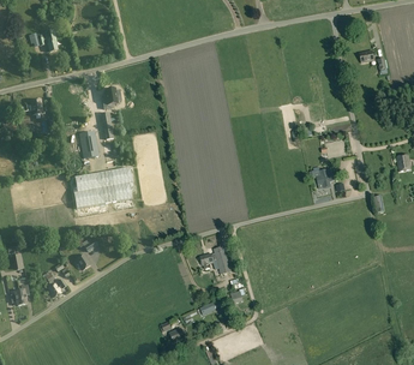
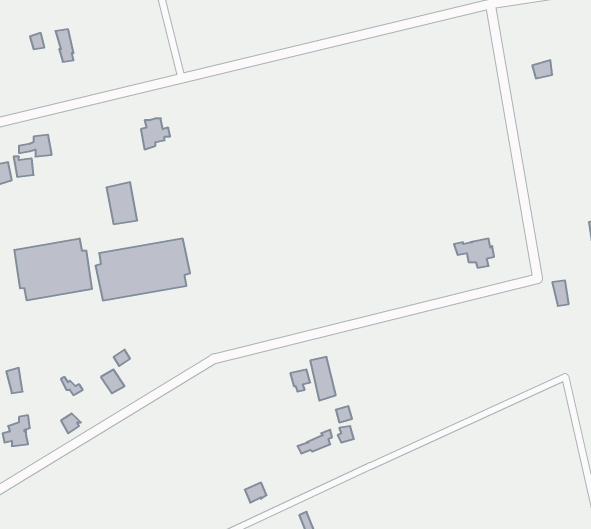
building: none -> [14,238,92,300]

